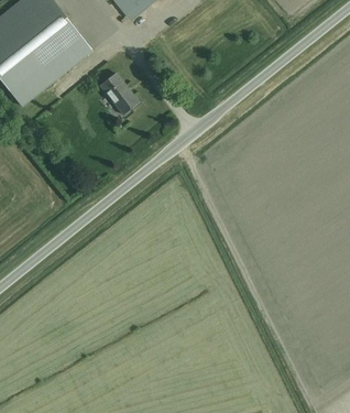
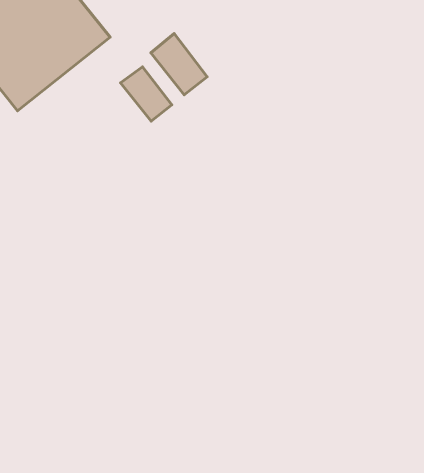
building: none -> [151,33,207,95]

